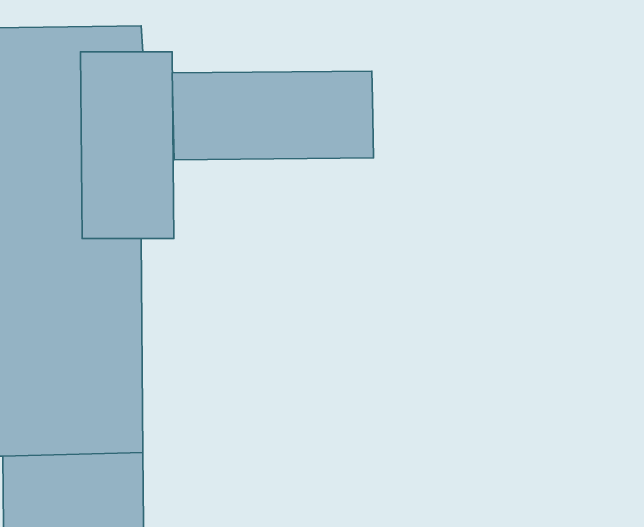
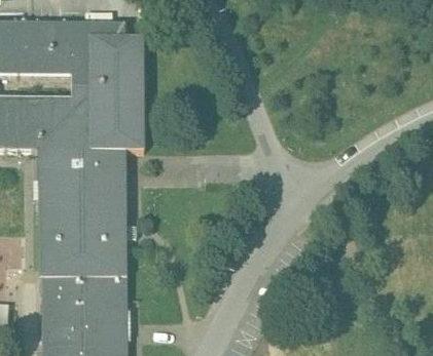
building: [172,71,374,160] -> none

